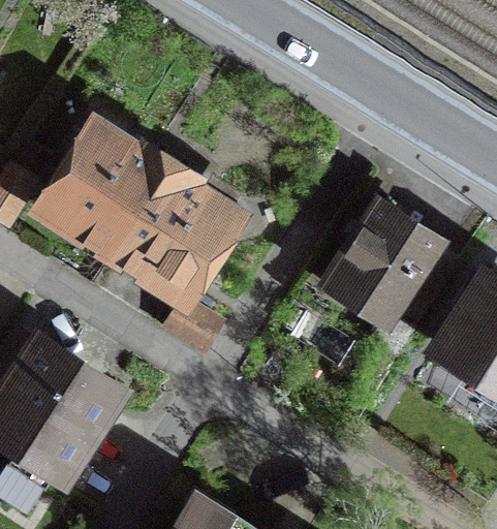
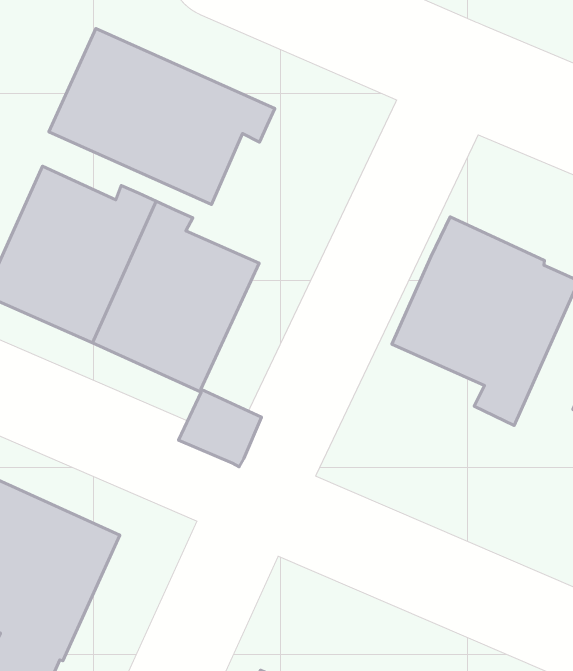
building: none -> [49,29,275,205]

